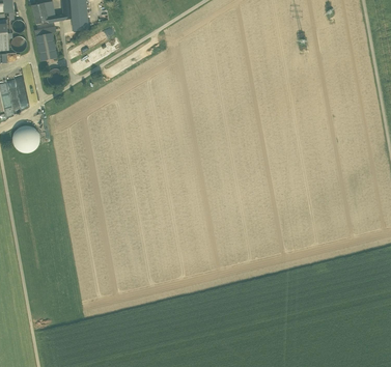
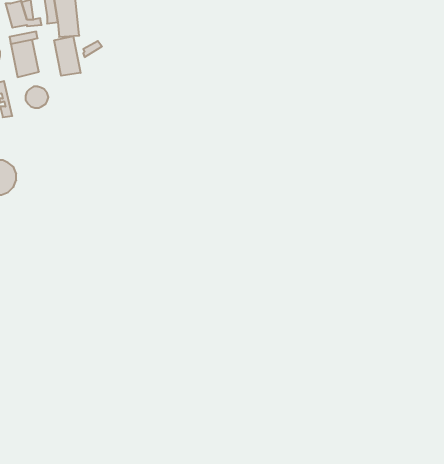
building: none -> [54,36,81,76]

